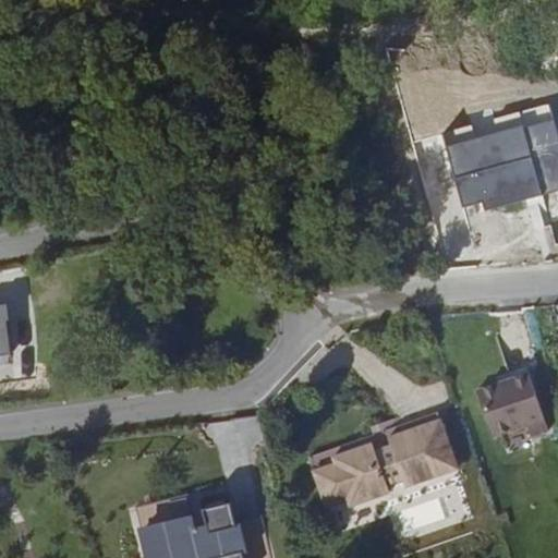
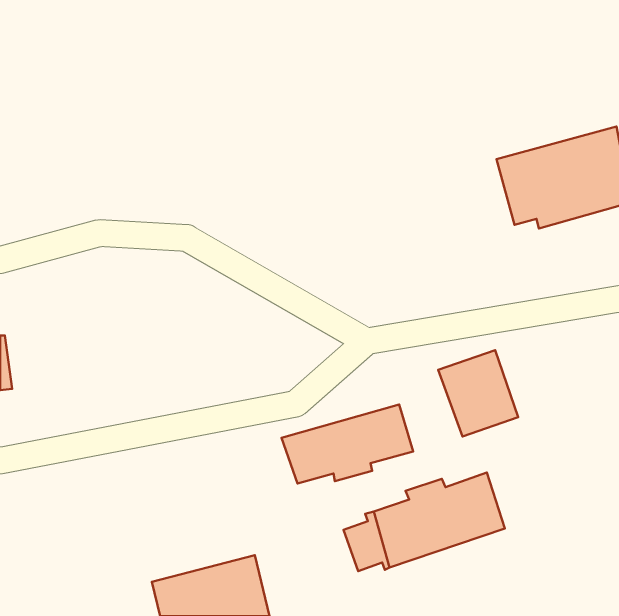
building: none -> [282,404,413,484]
building: [476,367,548,445] -> [438,350,518,437]

